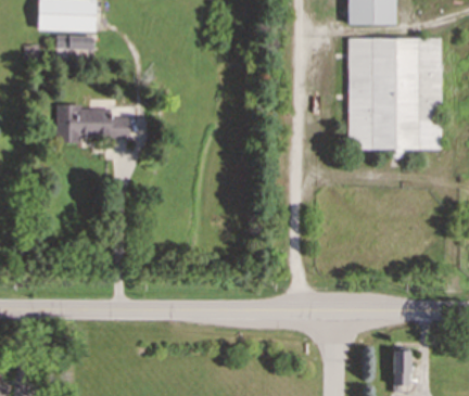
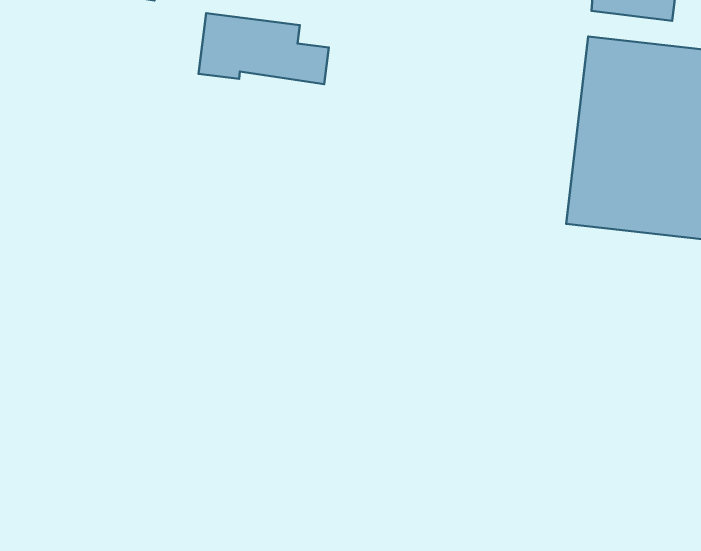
building: [56,105,130,141] -> [199,13,329,84]

